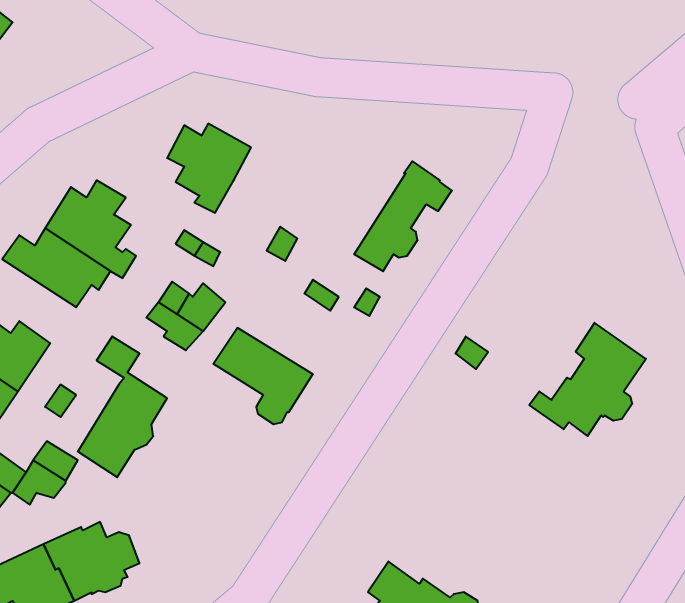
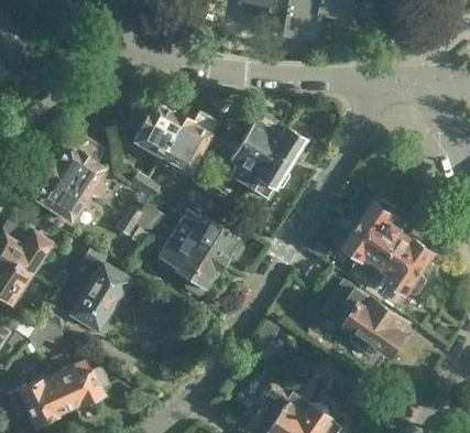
building: none -> [157,112,216,172]
building: none -> [227,113,280,187]
building: none -> [346,203,402,284]
building: none -> [172,210,242,264]
building: none -> [324,273,407,359]

